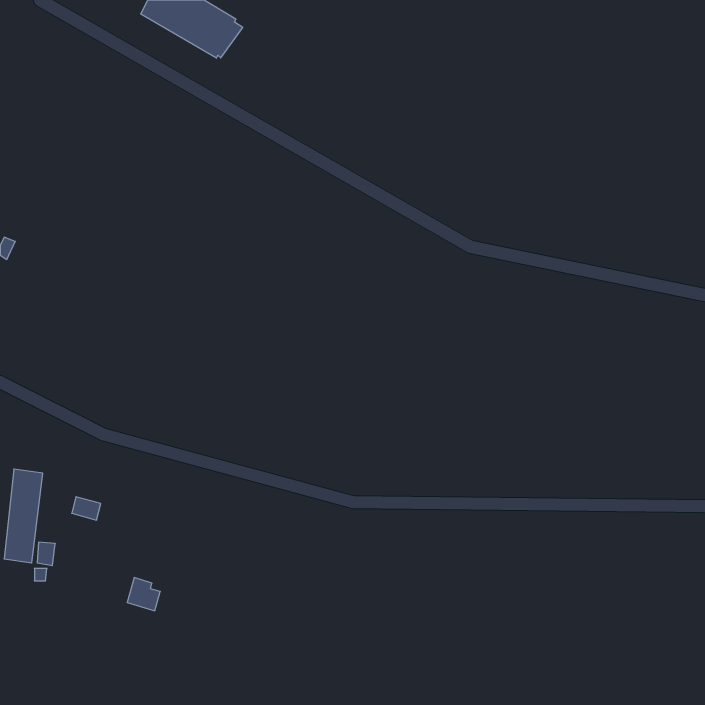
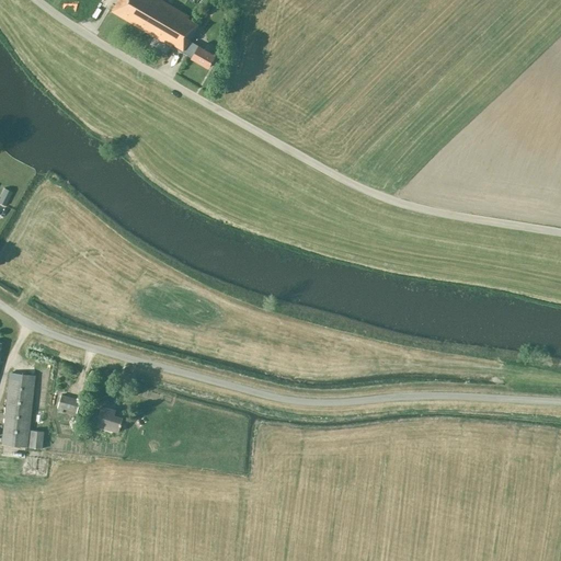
building: none -> [175,22,215,68]
building: [127,578,160,611] -> [95,407,122,433]

